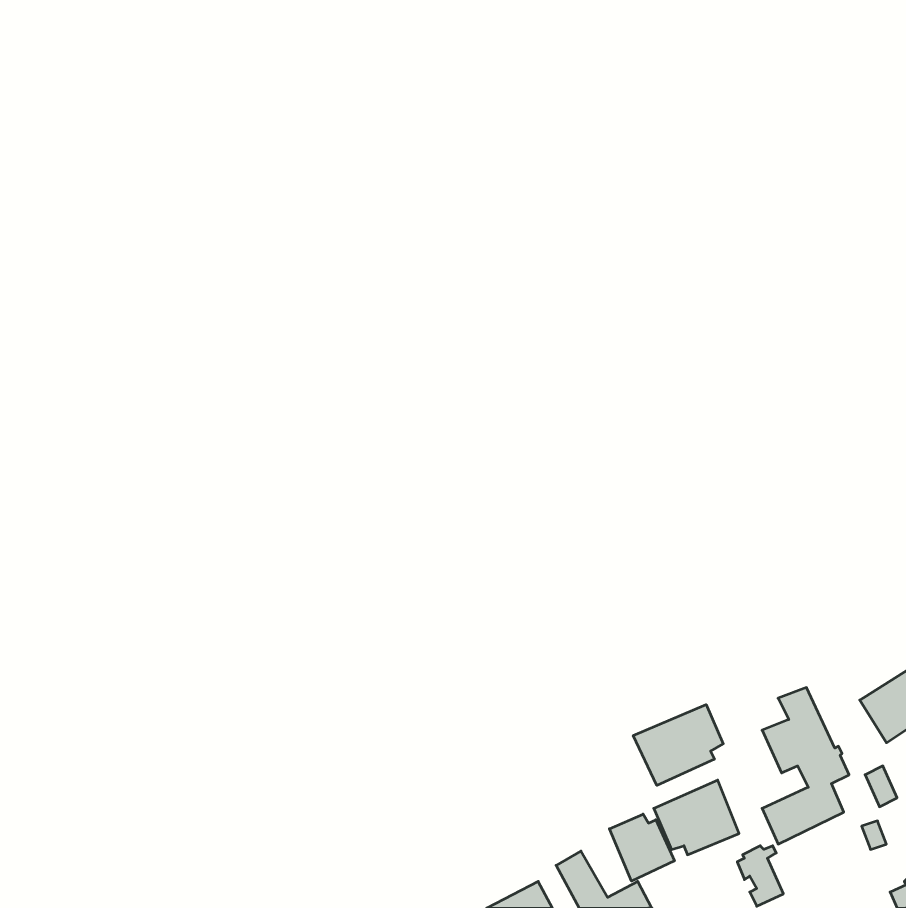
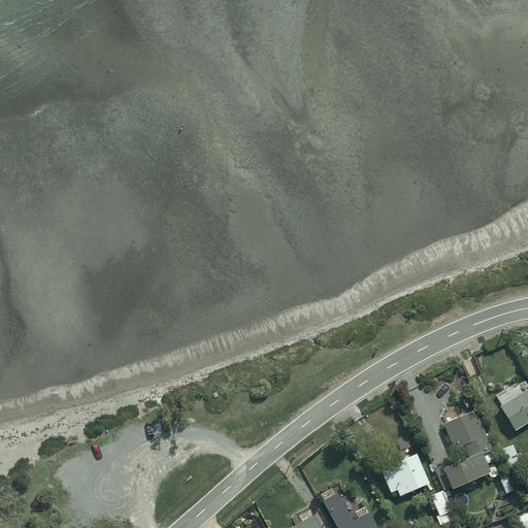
building: [633,705,723,785] -> none
building: [609,814,674,881] -> none

